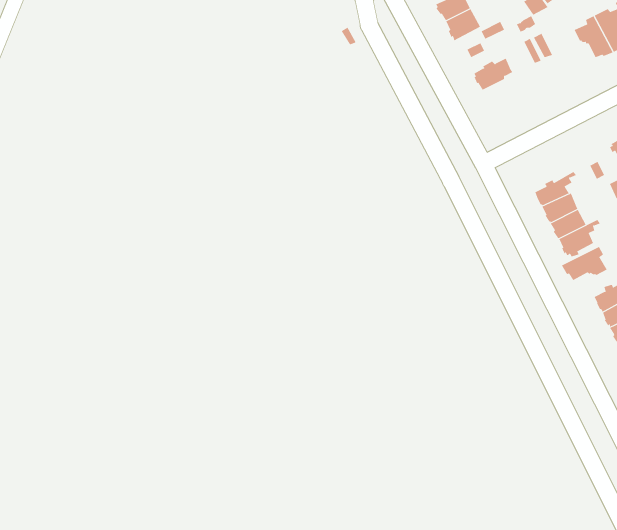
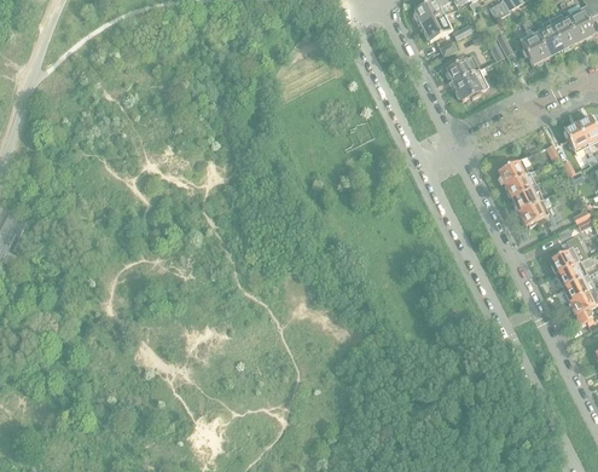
building: none -> [519,30,551,64]
building: none -> [454,62,494,99]
building: [561,246,607,281] -> none

